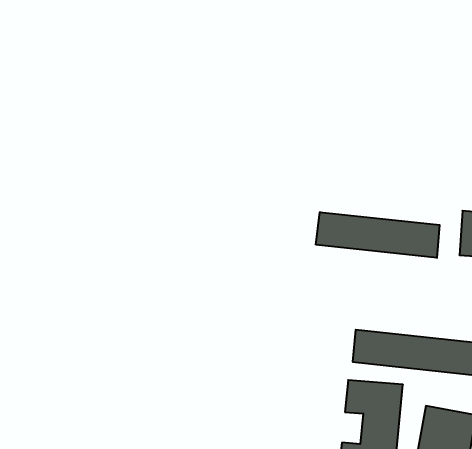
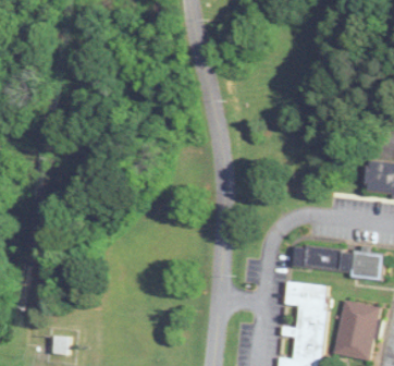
building: [316,212,440,258] -> none

